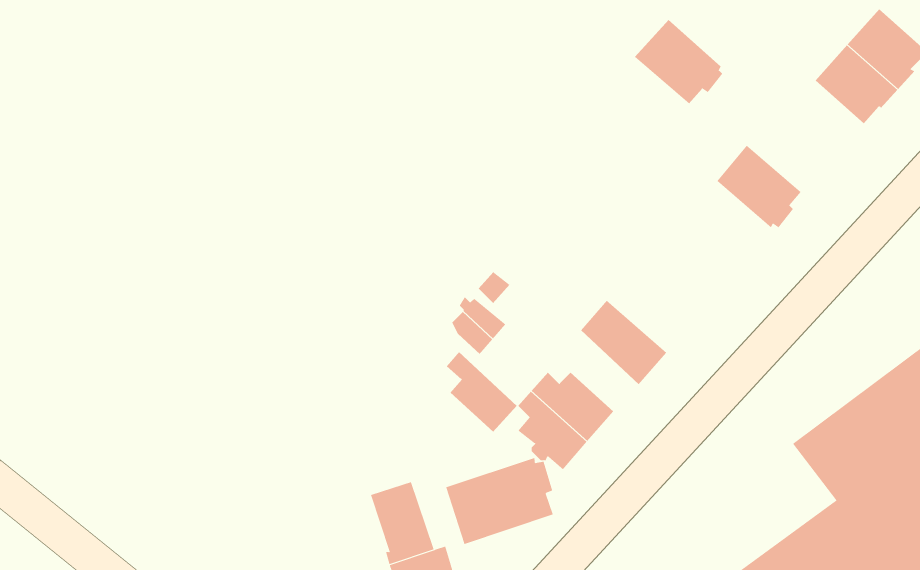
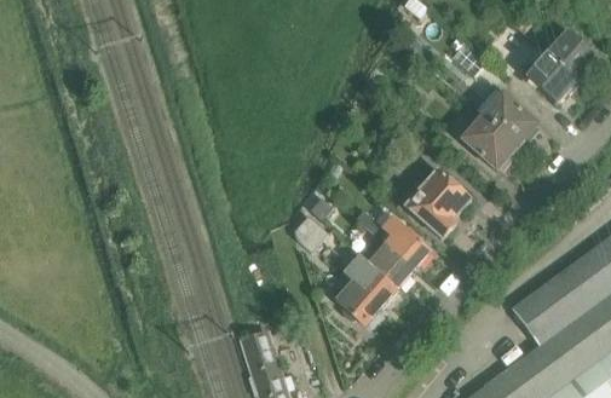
building: [634,19,723,104] -> [483,93,540,148]
building: none -> [399,168,473,241]
building: [446,351,518,432] -> [368,236,414,288]
building: [445,457,553,545] -> none

